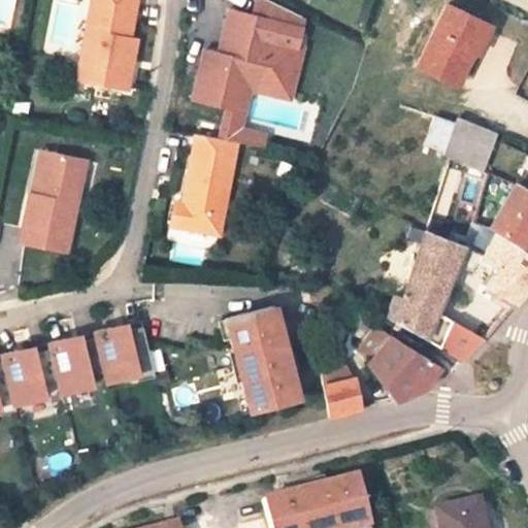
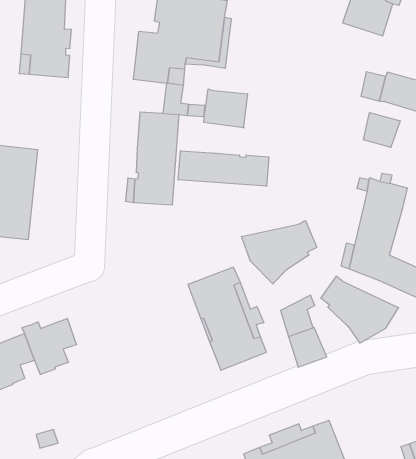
building: none -> [204,89,247,128]
building: none -> [364,112,400,147]
building: none -> [178,151,269,186]
building: none -> [242,221,317,284]
building: [96,327,157,383] -> none

